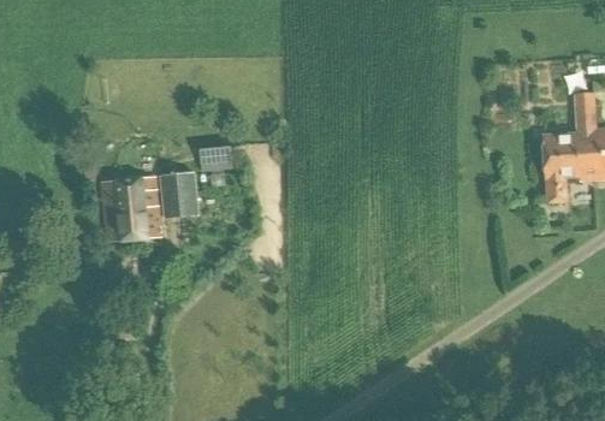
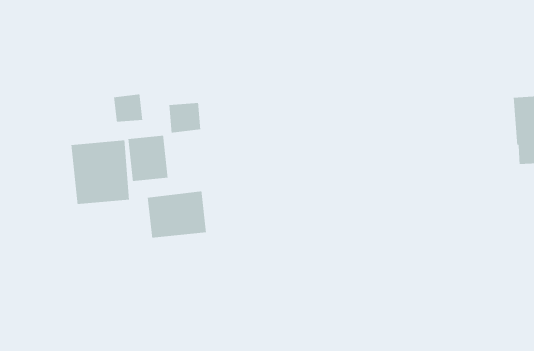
building: none -> [113,94,143,123]
building: none -> [147,191,207,238]

